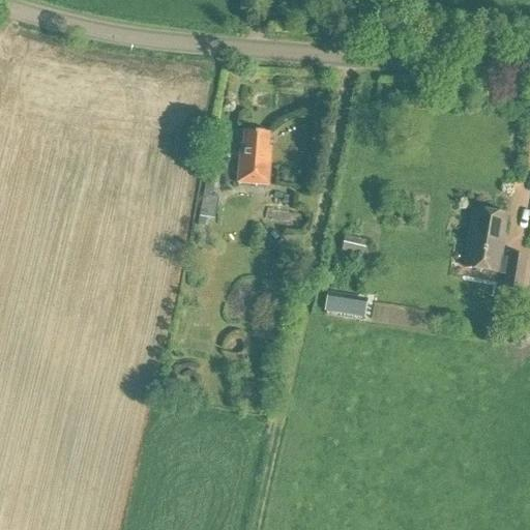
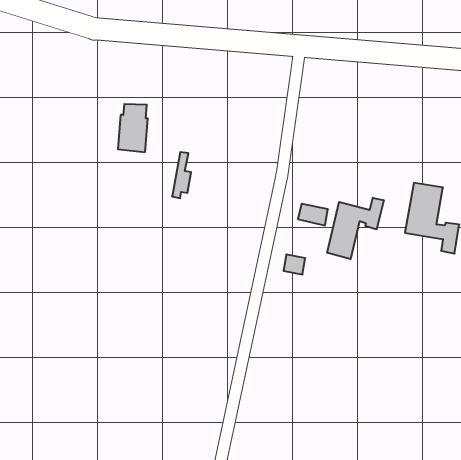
building: [238,130,272,185] -> [118,104,148,152]
building: none -> [327,198,384,259]

